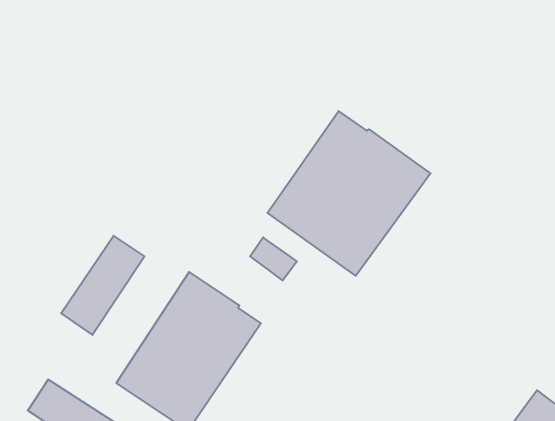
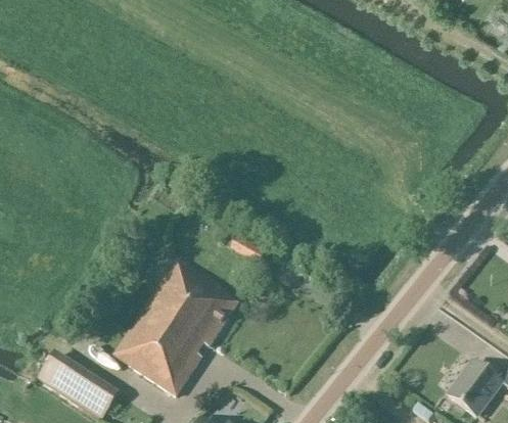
building: [267,111,431,276] -> none
building: [61,236,144,335] -> none

